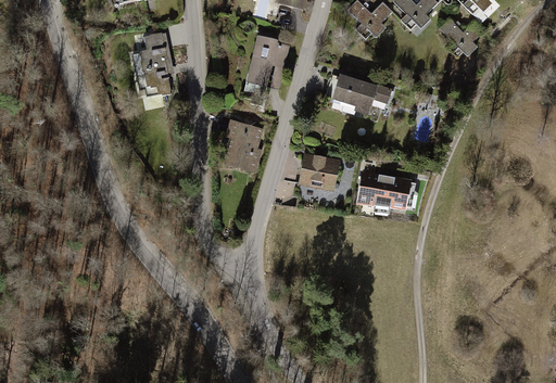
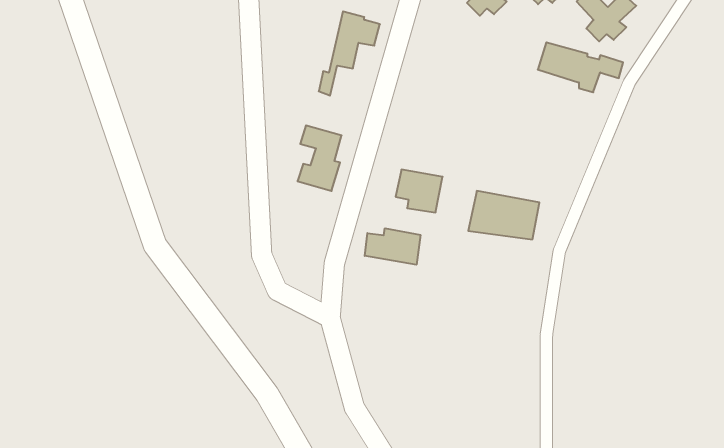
building: [134,31,170,95] -> none
building: [326,74,391,112] -> [538,42,623,92]
building: none -> [365,228,420,265]

